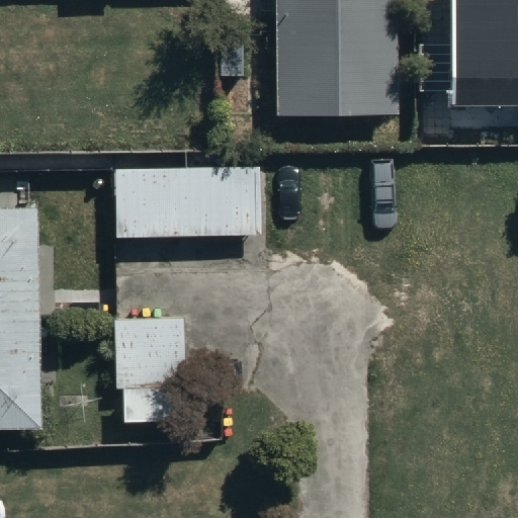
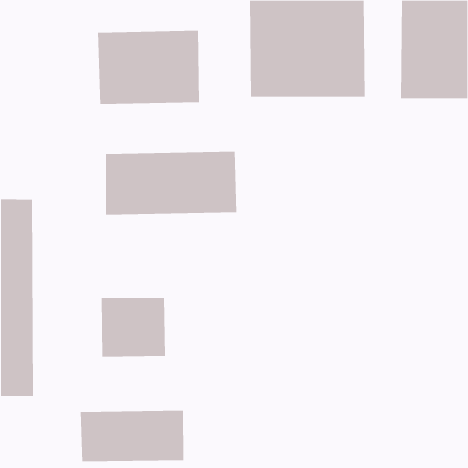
building: none -> [97,30,200,105]
building: none -> [80,410,184,462]

